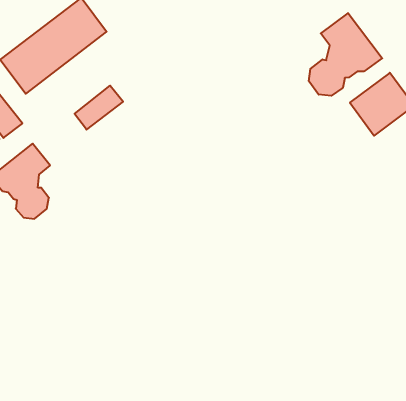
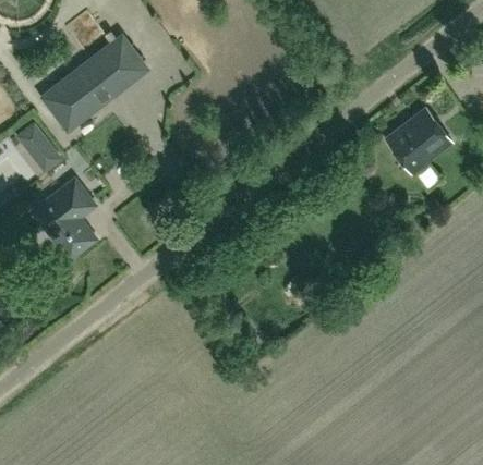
building: [309,13,382,96] -> none
building: [75,86,123,130] -> none

